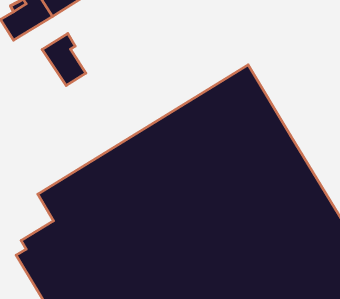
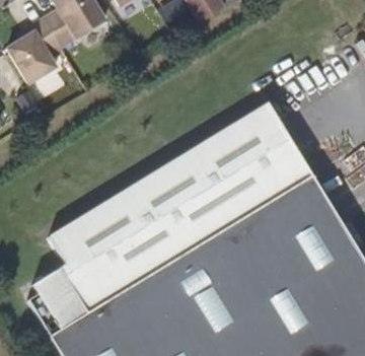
building: [42,33,86,86] -> none

